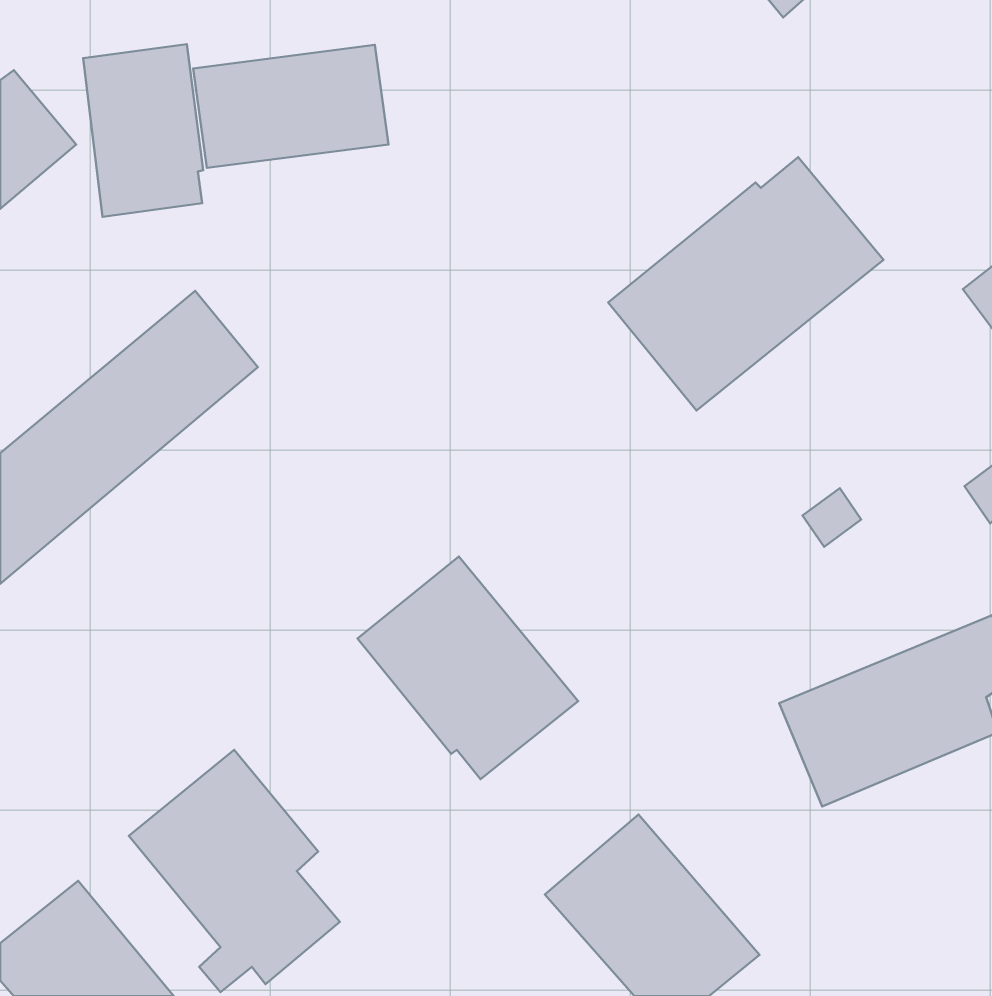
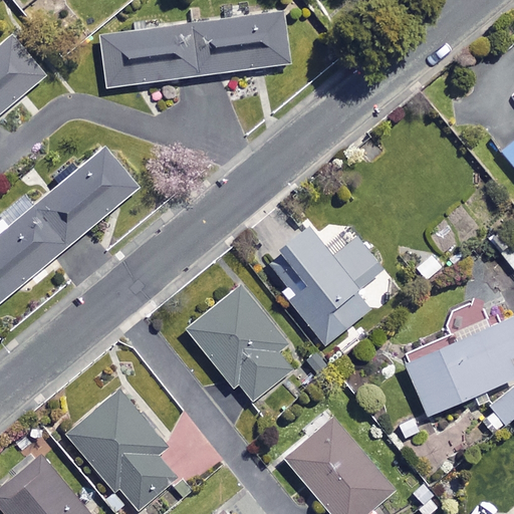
building: none -> [196,11,290,74]
building: [83,44,203,217] -> none
building: [608,157,883,410] -> none
building: none -> [266,229,381,345]

